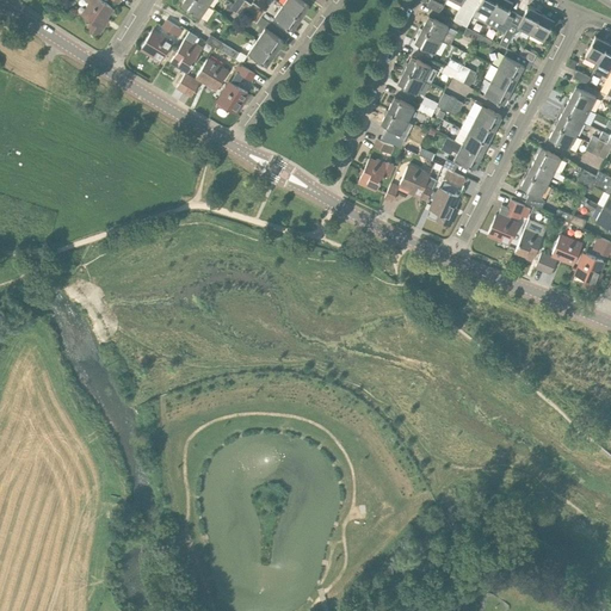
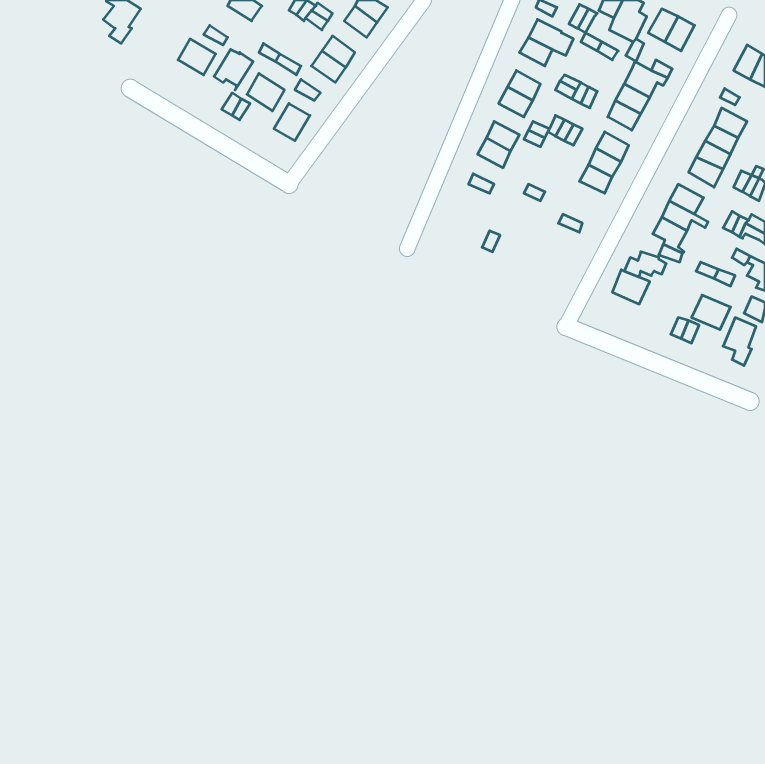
building: [440,138,482,173] -> none
building: [358,159,394,187] -> none
building: [400,167,437,200] -> none
building: [431,189,458,227] -> none
building: [514,218,545,261] -> none

